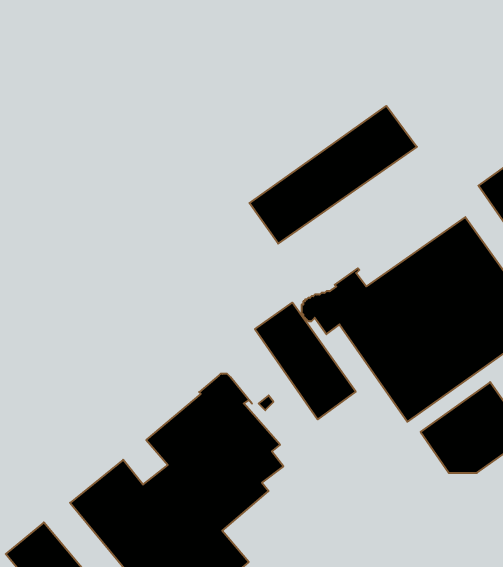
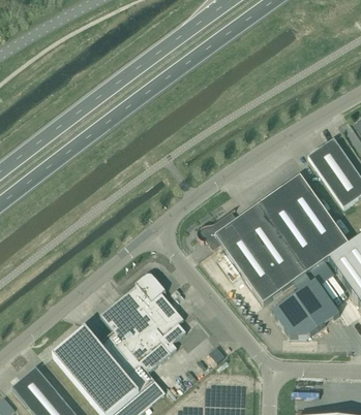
building: [249,106,417,244] -> none
building: [255,303,356,419] -> none

